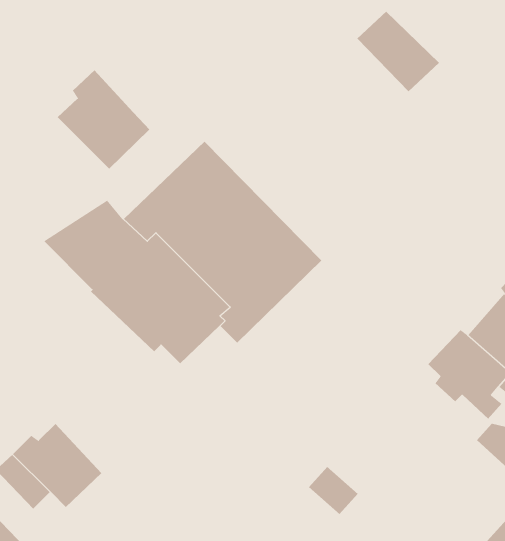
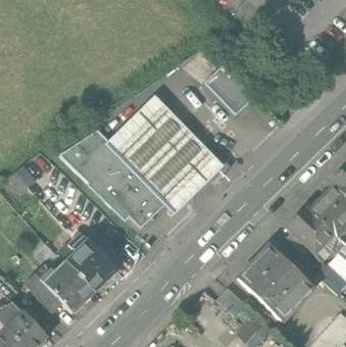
building: [357,11,440,92] -> [204,65,253,113]
building: [57,70,150,169] -> none
building: none -> [66,236,116,291]
building: none -> [237,244,313,319]

